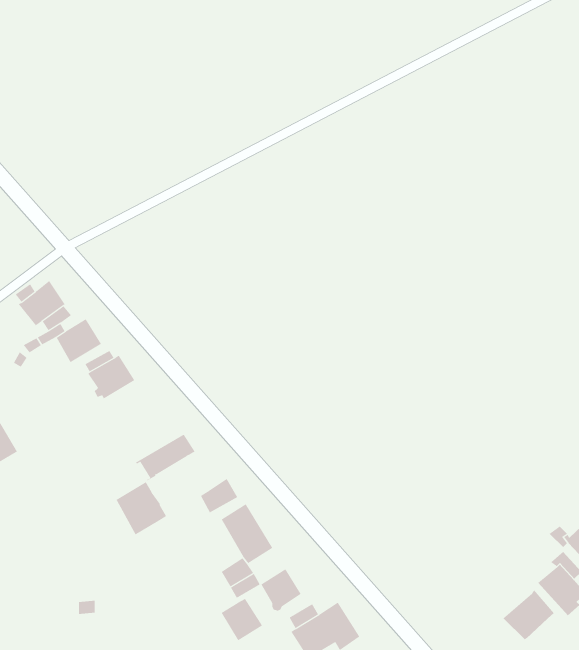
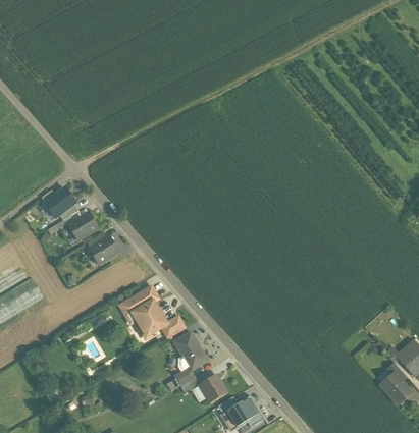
building: [115,481,167,535] -> [133,302,166,336]
building: [503,590,555,640] -> none
building: [221,598,263,641] -> none

